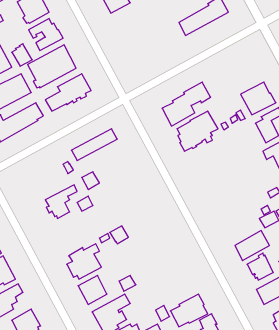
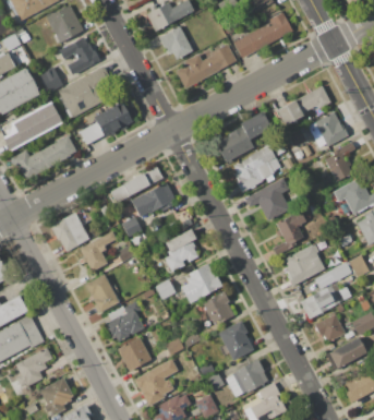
building: none -> [159,26,193,59]
building: none -> [176,44,238,88]
building: none -> [277,85,331,125]
building: none -> [246,179,289,219]
building: none -> [132,183,174,216]
building: none -> [50,209,91,251]
building: none -> [273,209,306,254]
building: none -> [165,228,200,272]
building: none -> [285,243,325,286]
building: none -> [185,263,222,298]
building: none -> [85,274,120,313]
building: none -> [204,291,234,323]
building: none -> [218,320,254,361]

